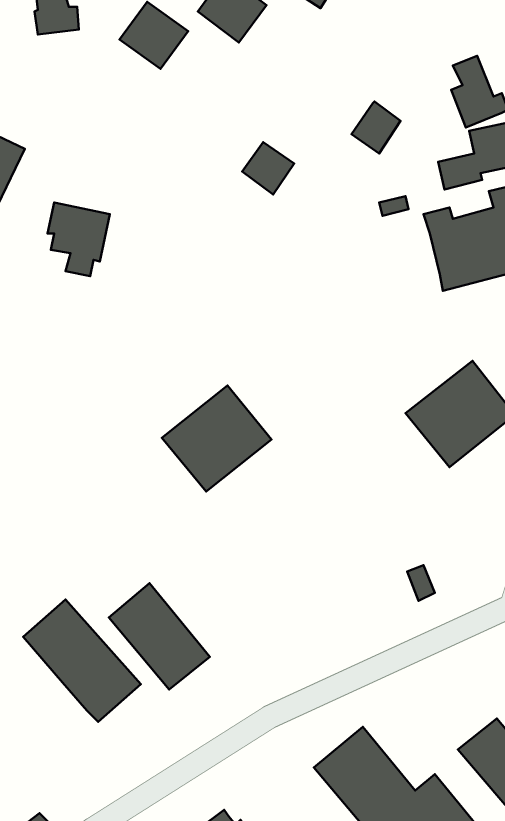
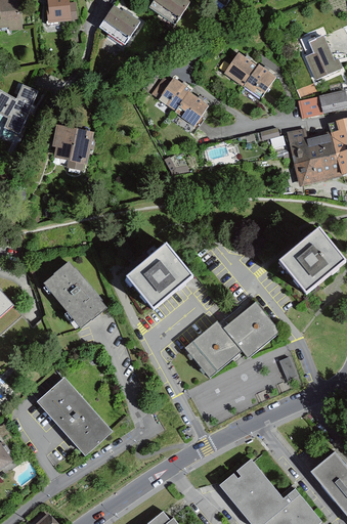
building: none -> [224,54,257,86]
building: none -> [159,77,190,110]
building: none -> [184,304,278,379]
building: [109,583,210,689] -> [42,262,105,329]

